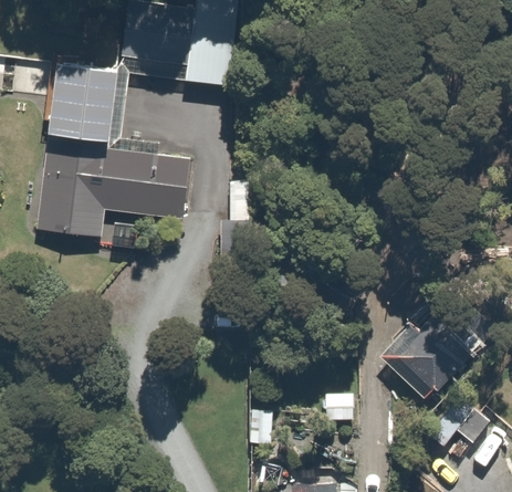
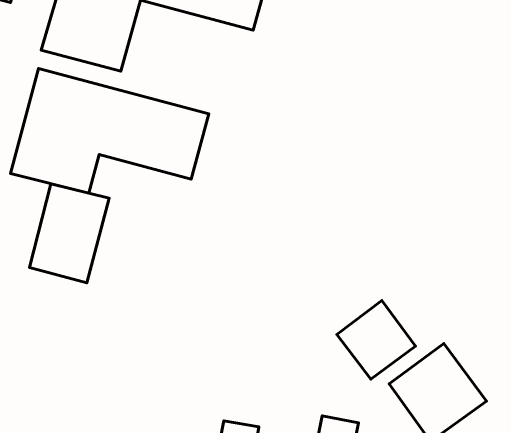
building: none -> [29,184,109,283]
building: none -> [337,300,416,379]

